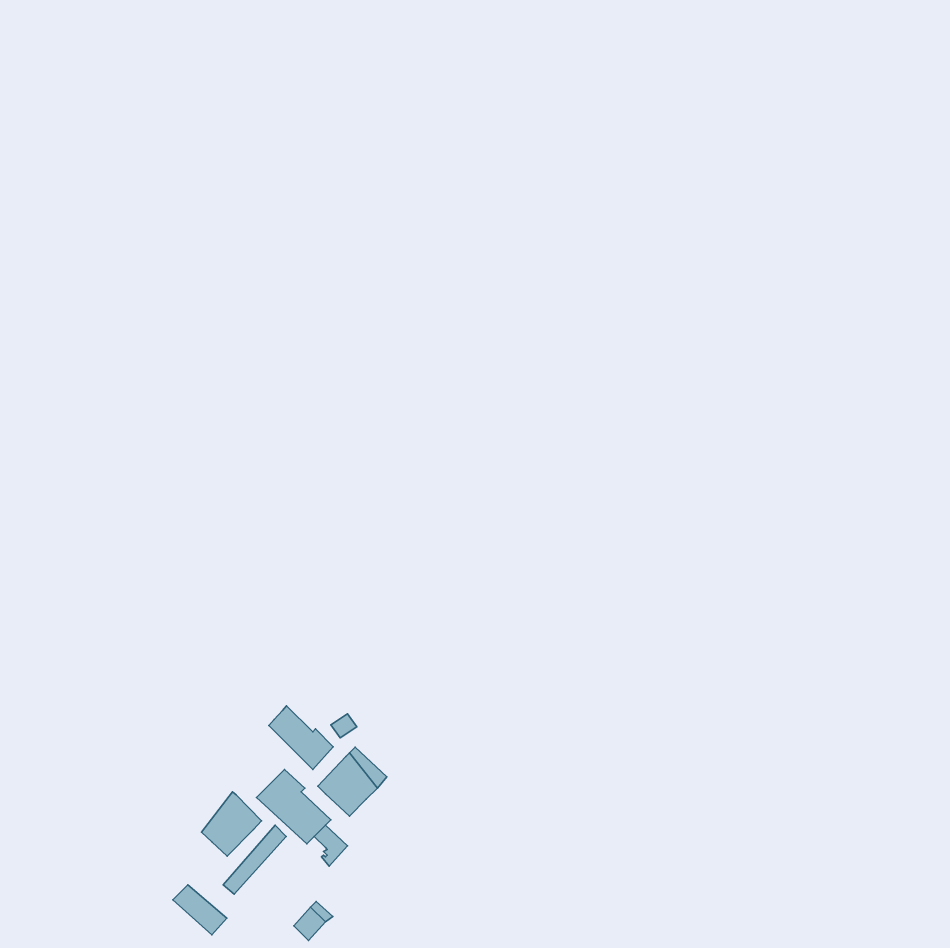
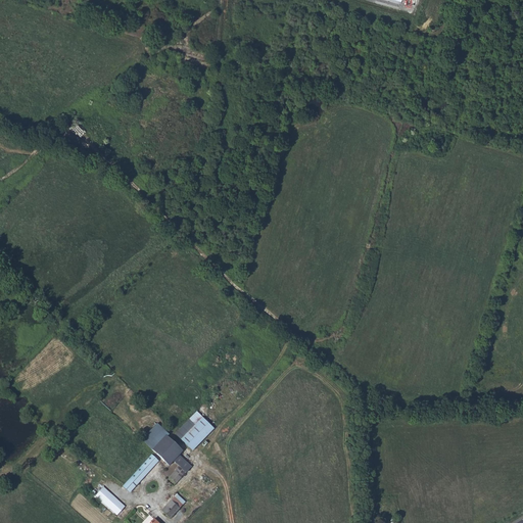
building: [269,706,333,769] -> none
building: [202,792,262,856] -> none

